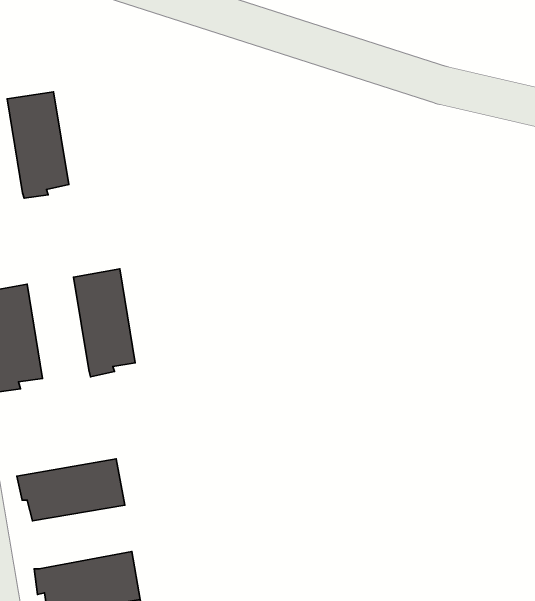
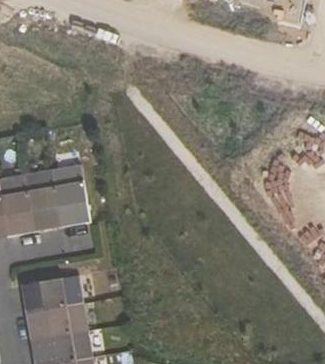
building: [7,92,69,198] -> [26,170,62,232]
building: none -> [25,303,87,340]

